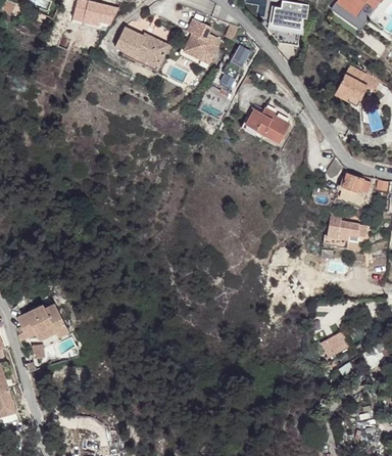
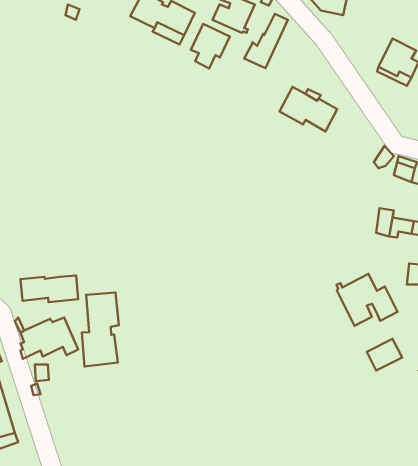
building: none -> [191,24,230,68]
building: none -> [336,274,398,326]
building: none -> [21,275,78,302]
building: none -> [82,293,119,367]

